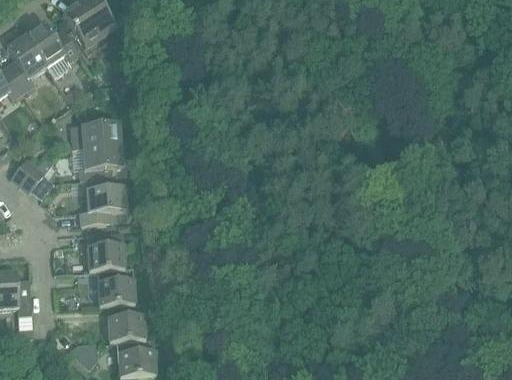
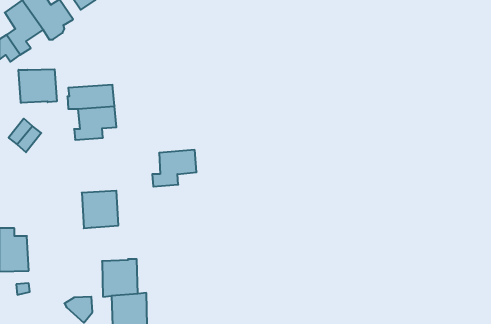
building: none -> [19,69,57,103]
building: [79,187,125,225] -> [152,150,197,187]
building: [96,268,134,307] -> none

